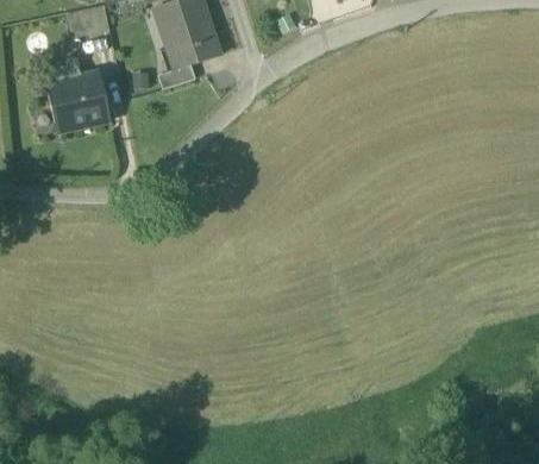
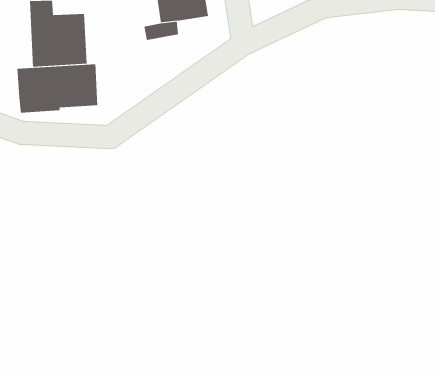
building: none -> [17,64,98,114]

